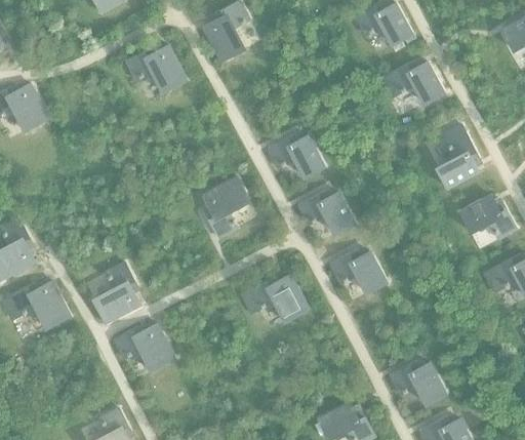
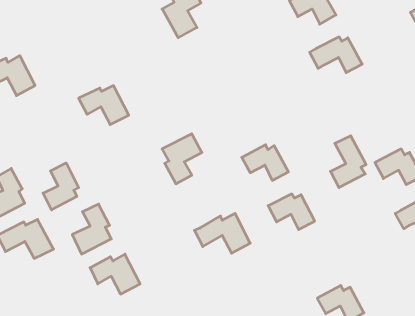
building: [126,45,187,92] -> [79,86,129,125]
building: [437,125,480,188] -> [330,136,366,188]
building: [269,134,324,177] -> none
building: none -> [43,163,79,210]

